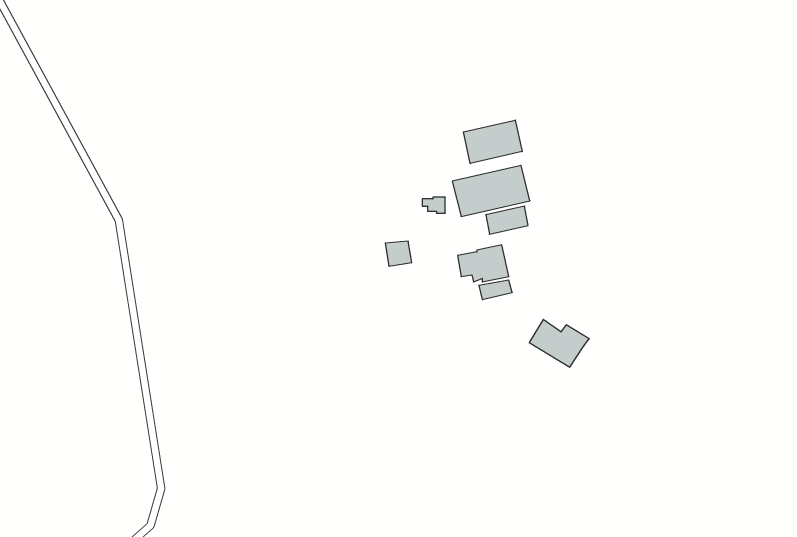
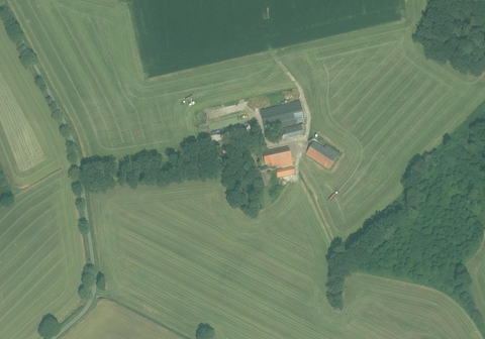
building: [463,120,522,164] -> none
building: [529,319,589,367] -> [305,141,340,168]

